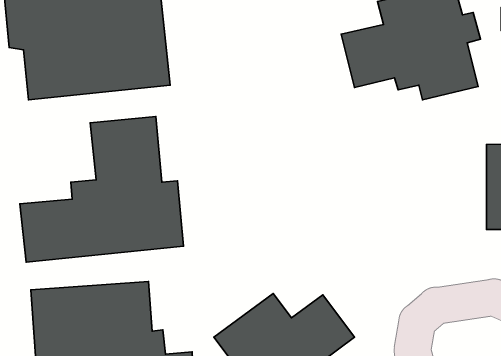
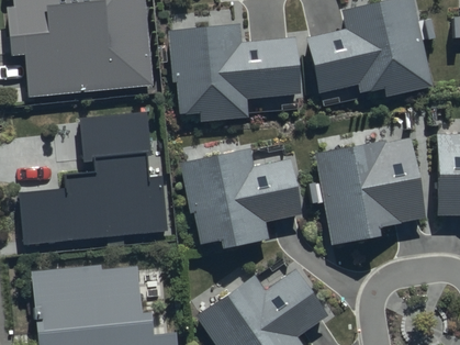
building: none -> [172,22,296,118]
building: none -> [306,138,424,247]
building: none -> [183,149,303,255]

